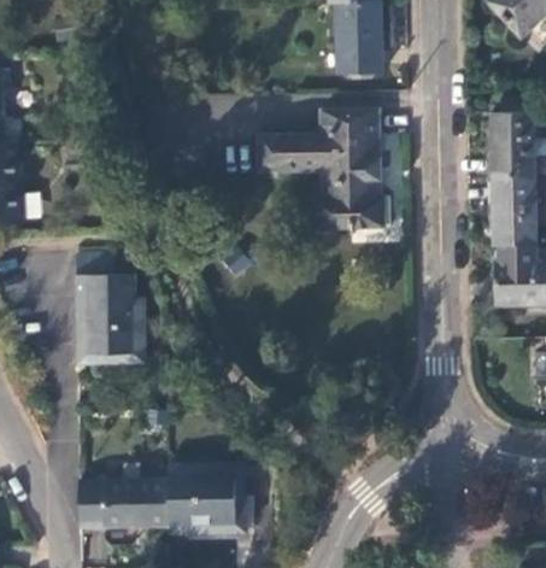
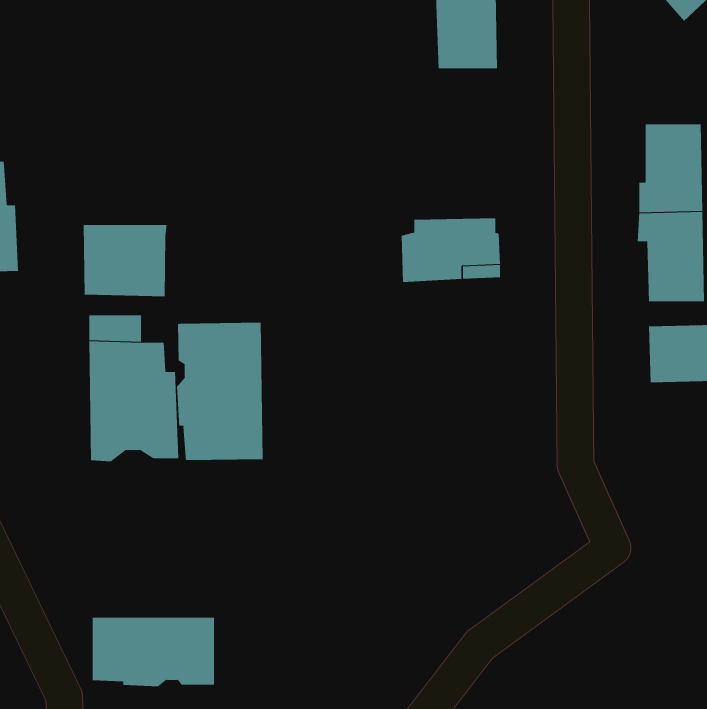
building: [256,106,381,185] -> none
building: none -> [83,224,167,297]
building: none -> [176,322,263,461]
building: [171,465,243,537] -> none

